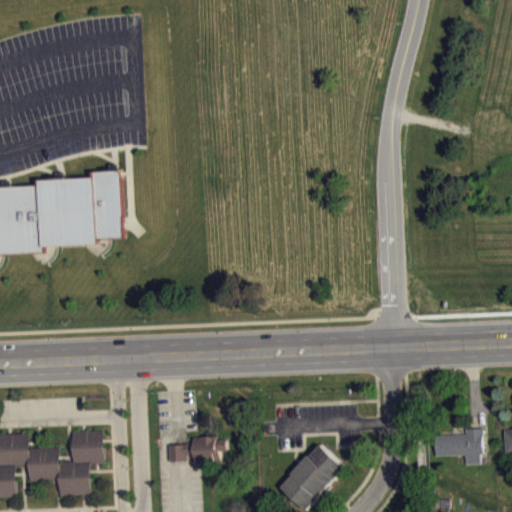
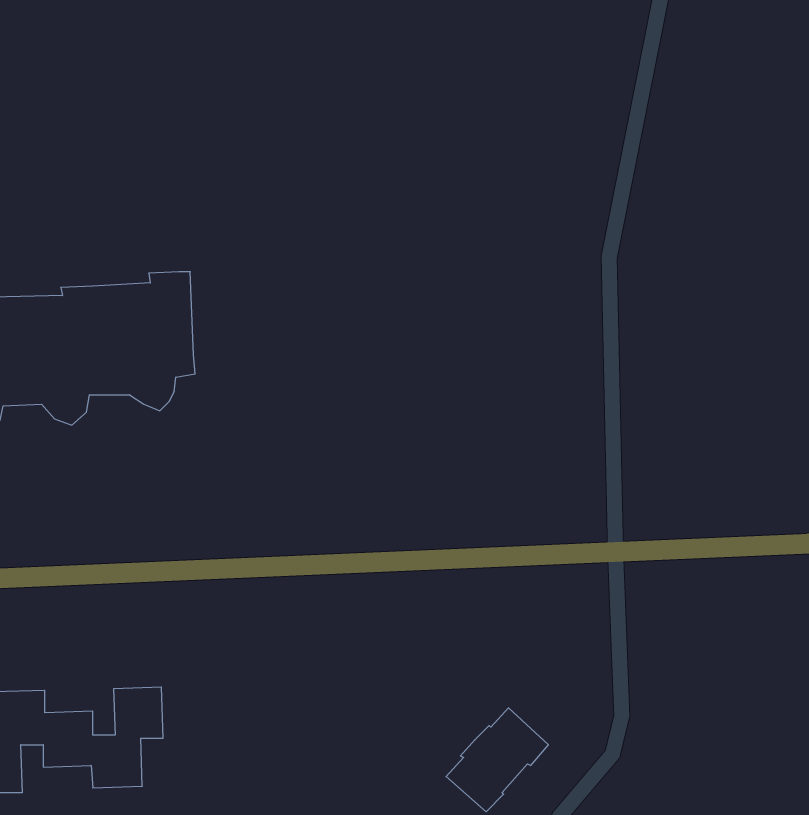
building: [431,428,479,463] -> none
building: [166,435,226,462] -> none

